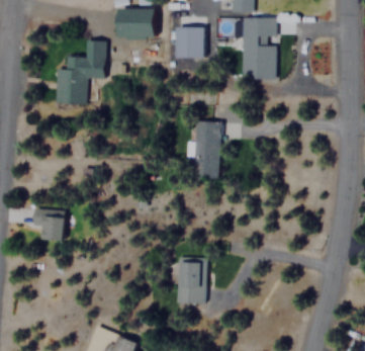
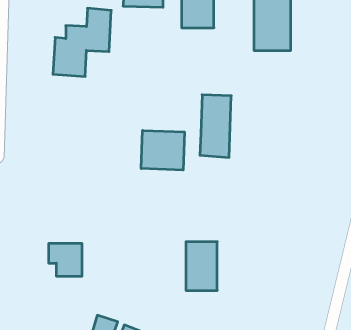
building: none -> [141,130,184,170]
building: [32,209,64,240] -> [49,244,82,276]

